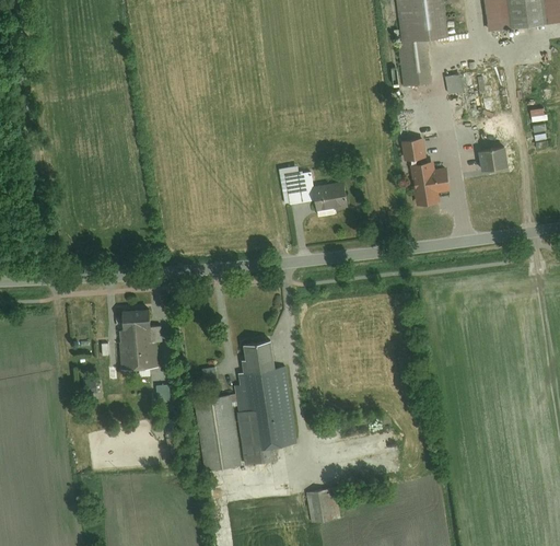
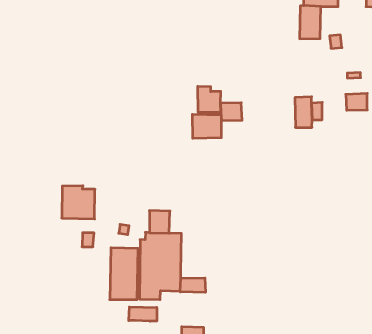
building: [400,139,425,160] -> none
building: none -> [192,114,221,138]
building: [117,306,152,328] -> none
building: none -> [180,278,205,292]
building: none -> [129,307,157,321]

